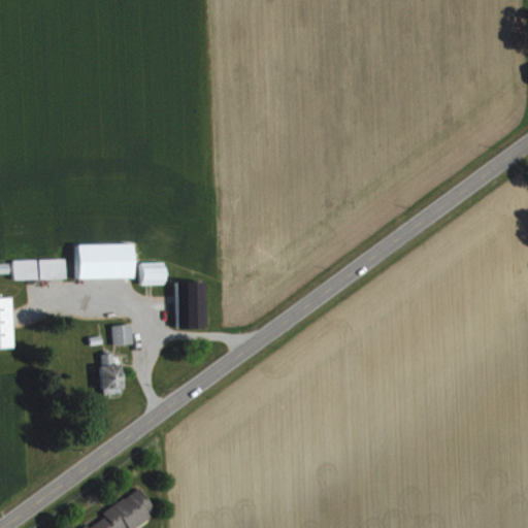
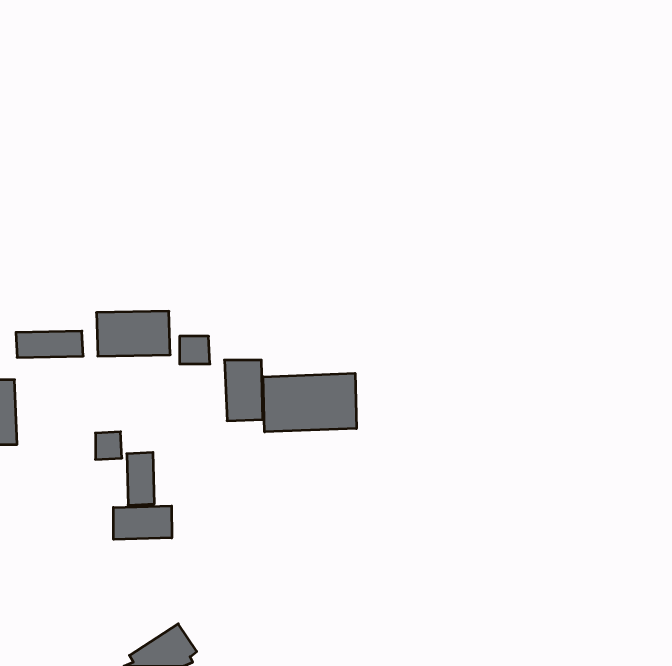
building: none -> [263,373,356,432]
building: [112,324,133,345] -> [95,432,122,459]
building: none -> [113,506,172,539]

